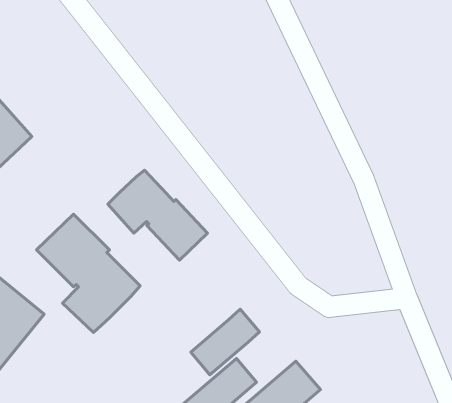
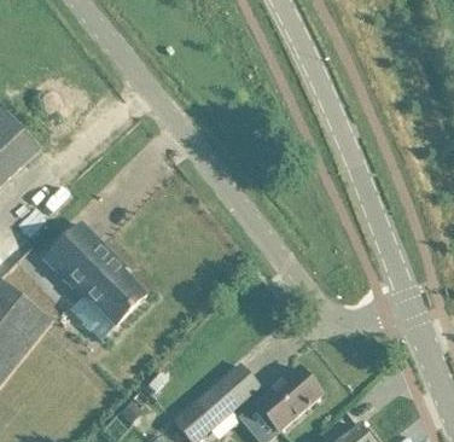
building: [108,170,207,260] -> none
building: [191,309,259,375] -> none

